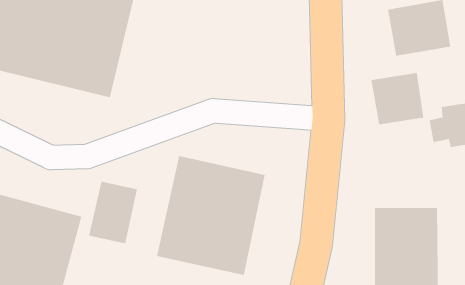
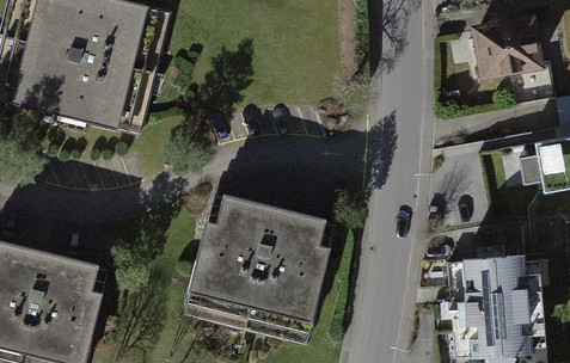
building: [371,72,424,125] -> none
building: [89,181,137,244] -> none

